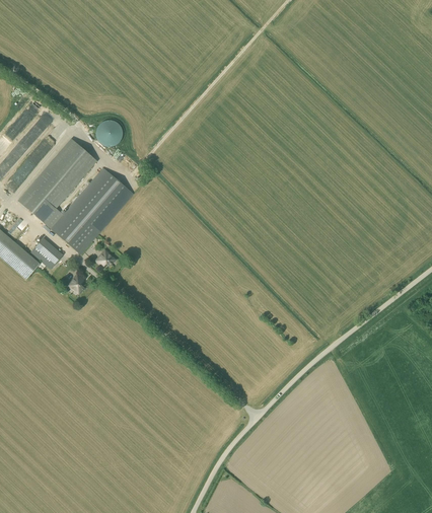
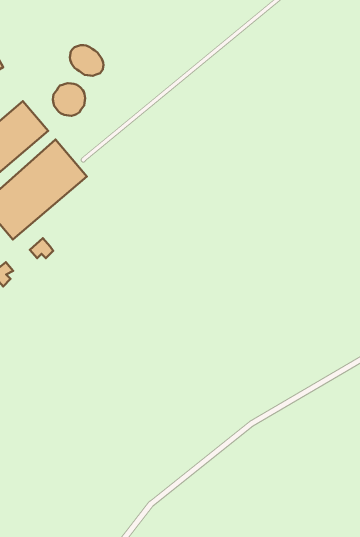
building: none -> [70,45,104,76]

